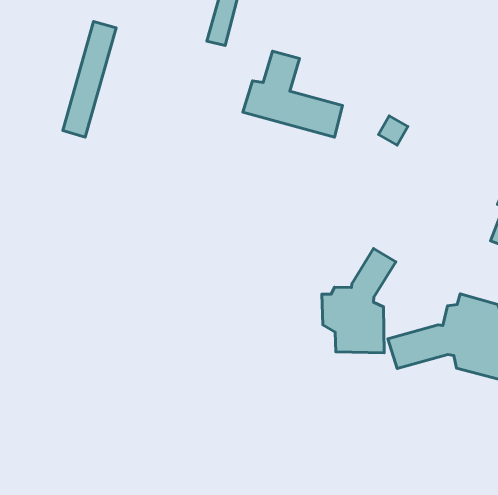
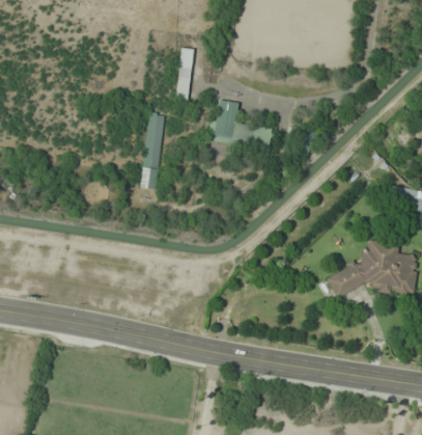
building: [63,21,116,137] -> [140,112,165,190]
building: [322,248,396,353] -> none

